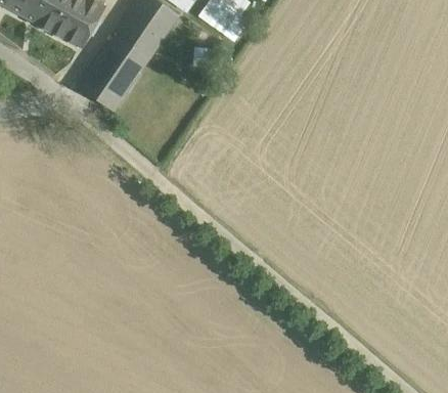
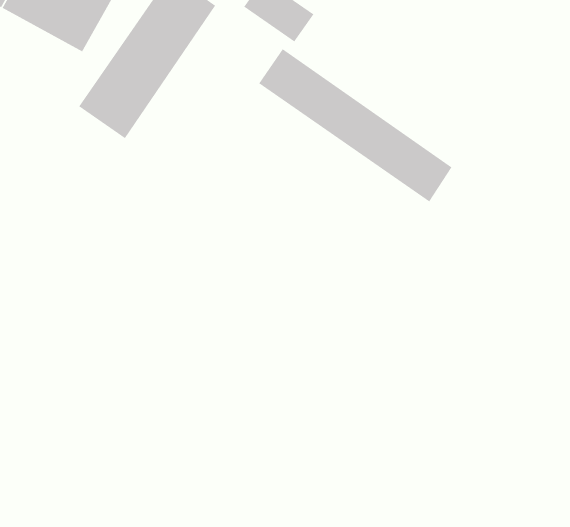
building: none -> [258,48,453,202]

